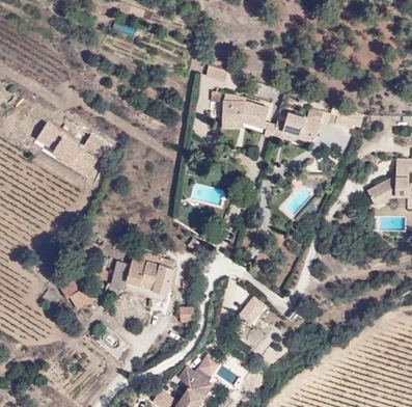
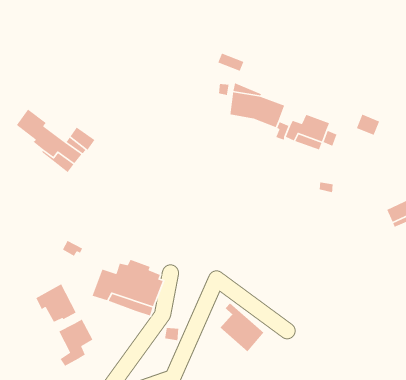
building: none -> [58,319,93,367]

